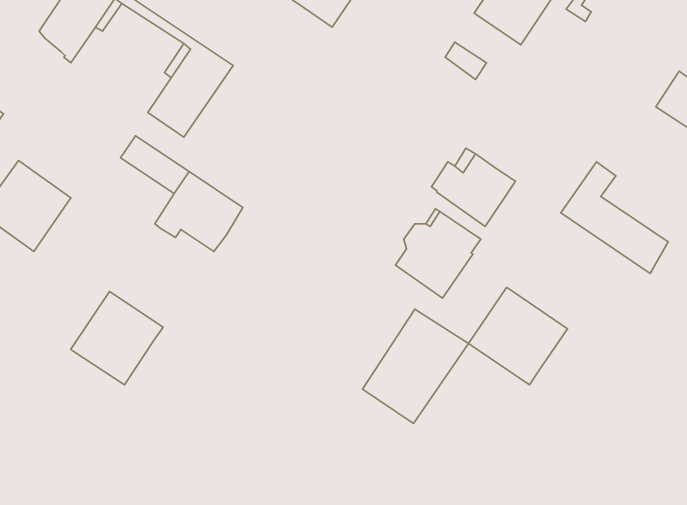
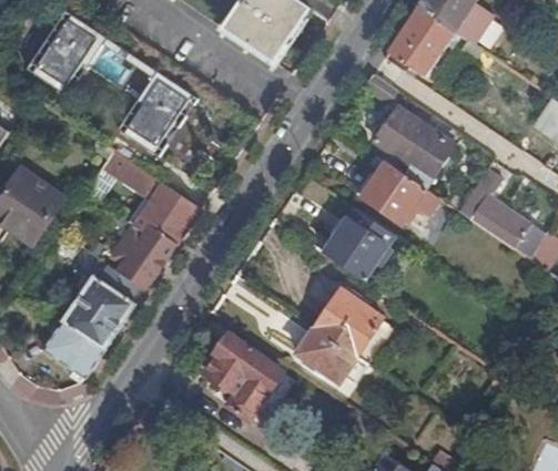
building: none -> [373,107,446,184]
building: none -> [112,224,176,289]
building: [469,288,567,385] -> none
building: none -> [44,322,104,378]
building: none -> [204,334,283,419]

